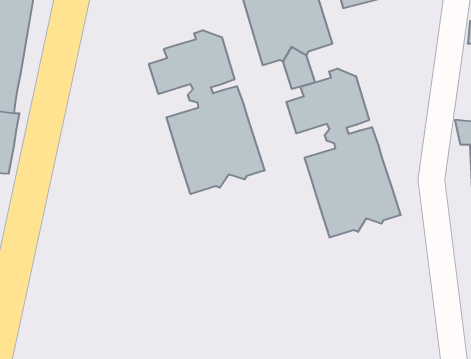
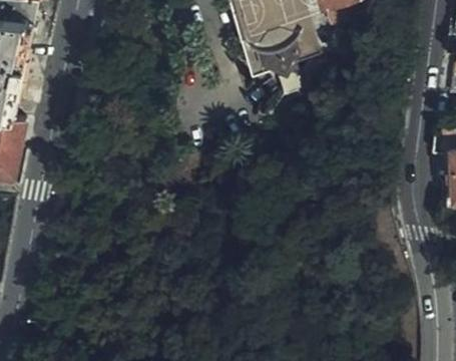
building: [149,30,265,194] -> none
building: [286,68,401,238] -> none

